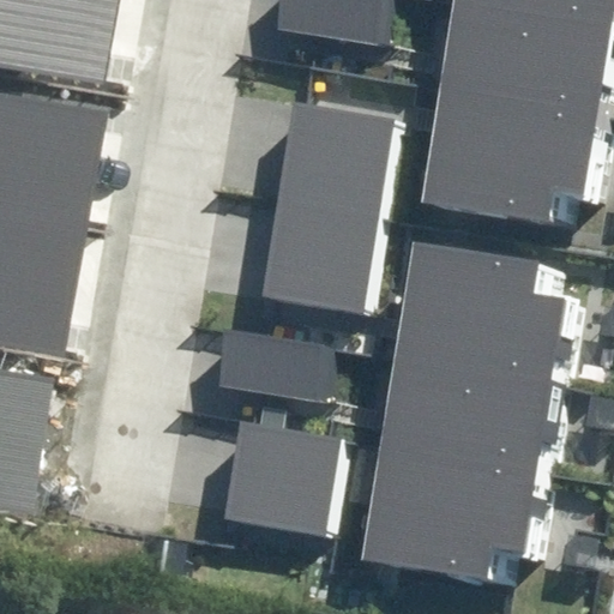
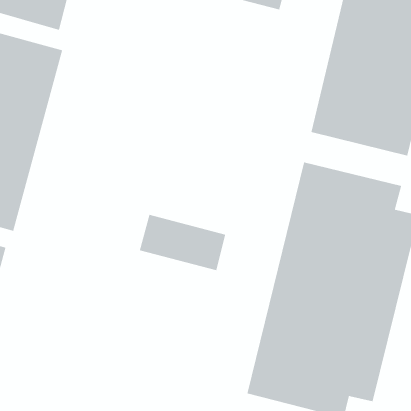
building: [255,96,402,317] -> none
building: [221,417,342,534] -> none

